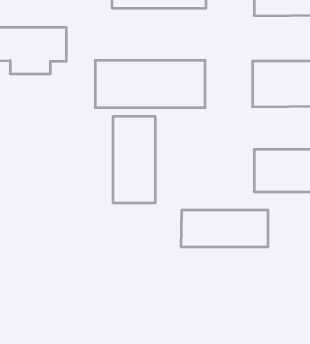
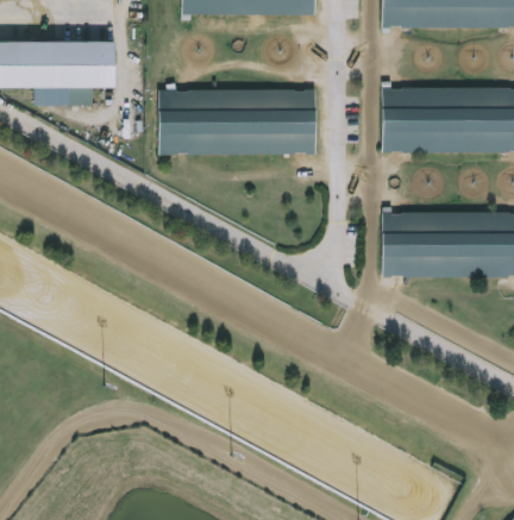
building: [113,116,155,203] -> none
building: [181,210,268,247] -> none

